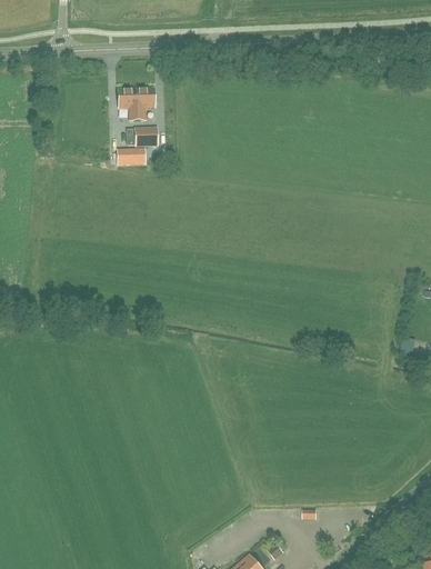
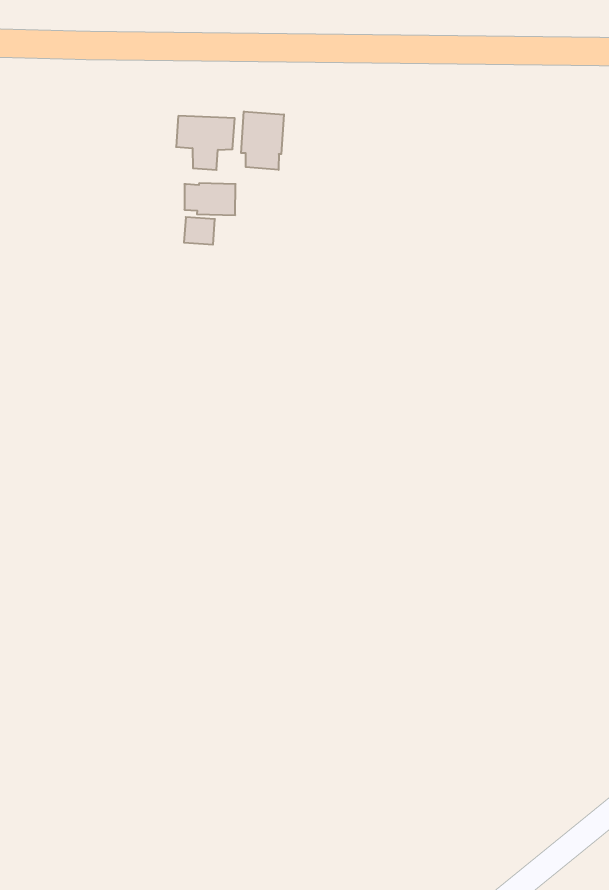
building: none -> [241,111,284,170]

